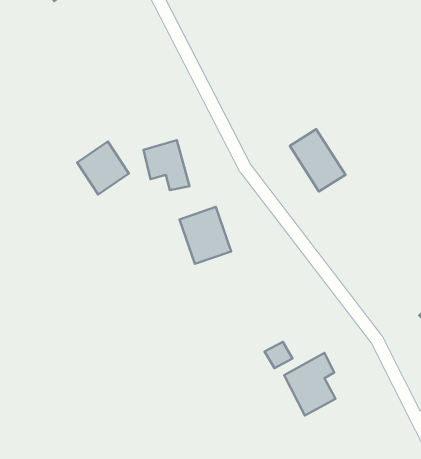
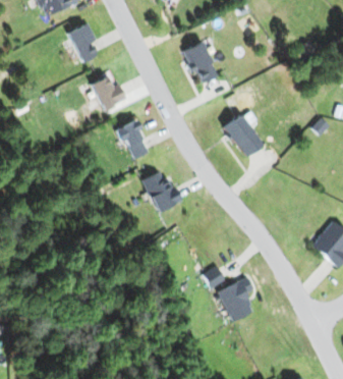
building: none -> [67,23,100,63]
building: none -> [181,41,216,84]
building: [77,142,129,194] -> [90,72,127,111]

